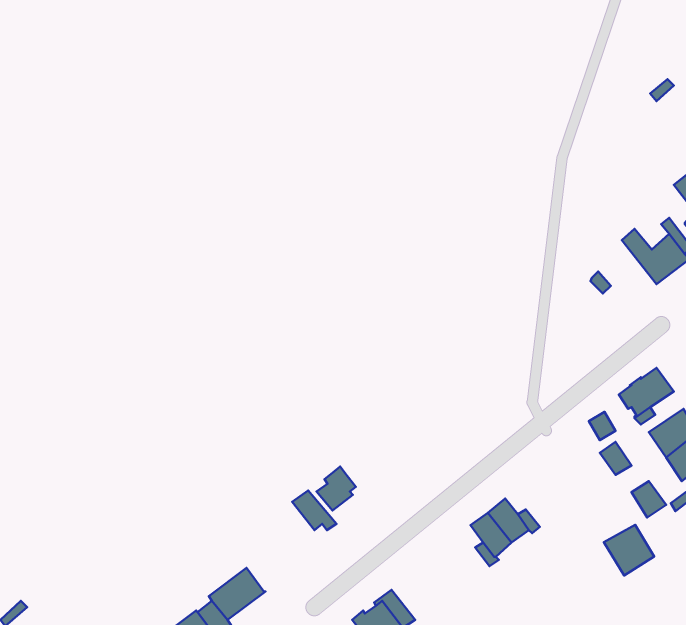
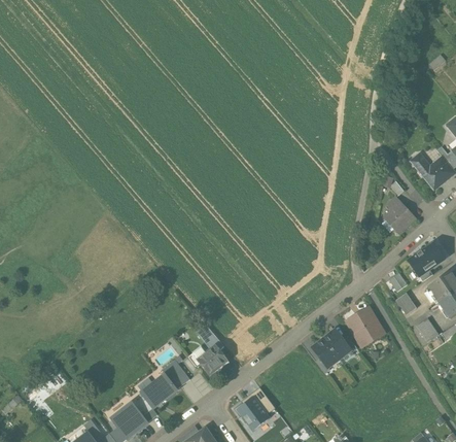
building: none -> [384,197,415,233]
building: [317,466,356,511] -> [200,346,225,375]
building: [604,525,654,575] -> [349,311,382,344]
building: none -> [163,361,190,390]

